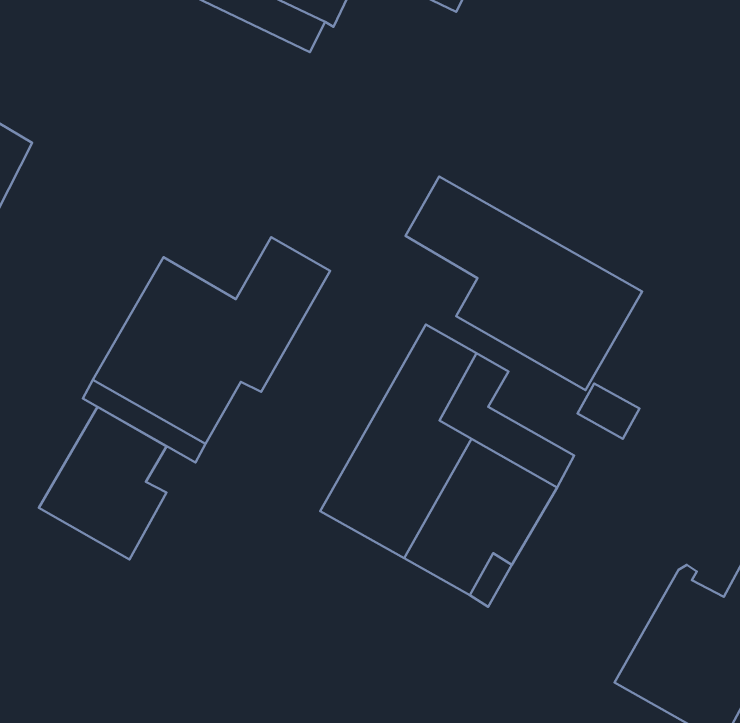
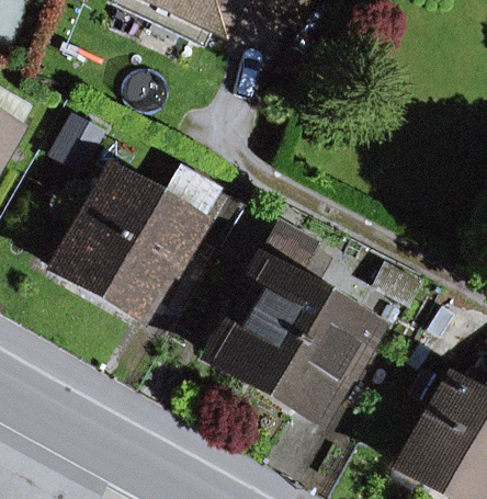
building: [406,177,642,390] -> none
building: [39,407,166,559] -> none

